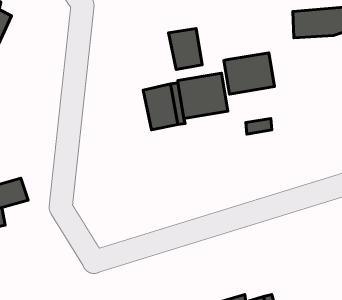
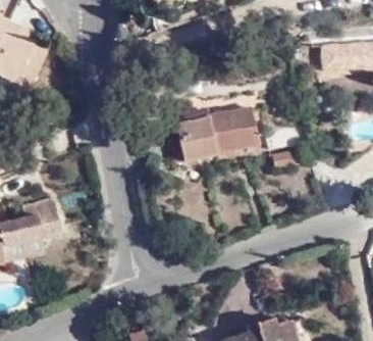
building: [169,29,202,70] -> none
building: [224,53,274,94] -> none

